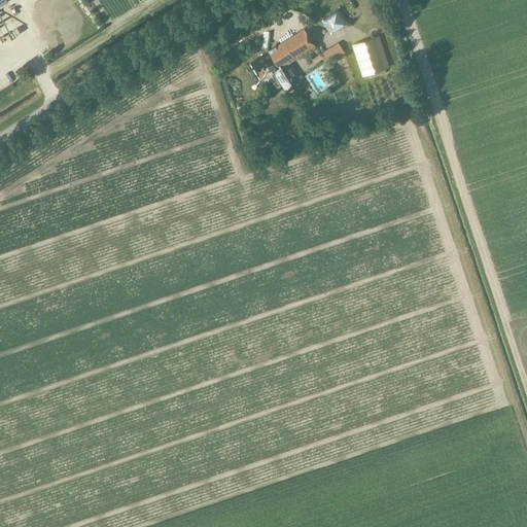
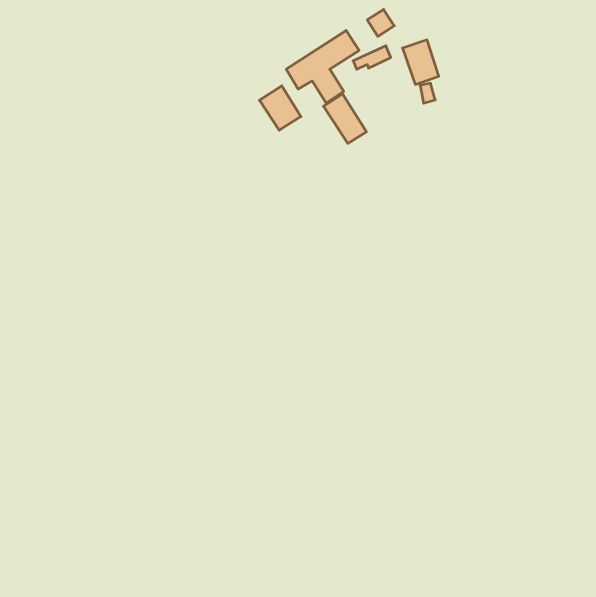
building: none -> [259,86,301,130]
building: none -> [323,94,366,143]

